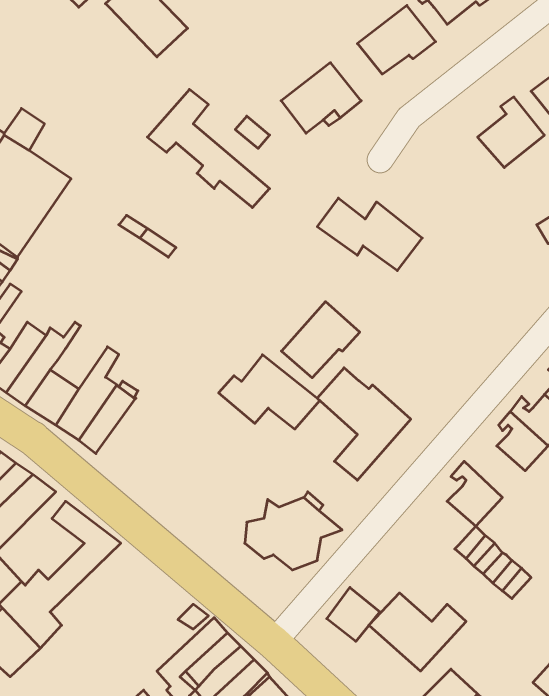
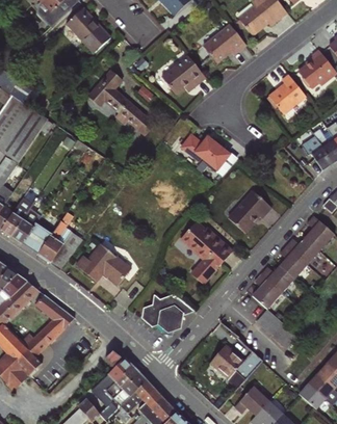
building: [281,302,360,378] -> [228,191,270,233]
building: [219,355,320,429] -> [76,244,131,285]
building: none -> [261,265,294,293]
building: [327,587,380,641] -> none

